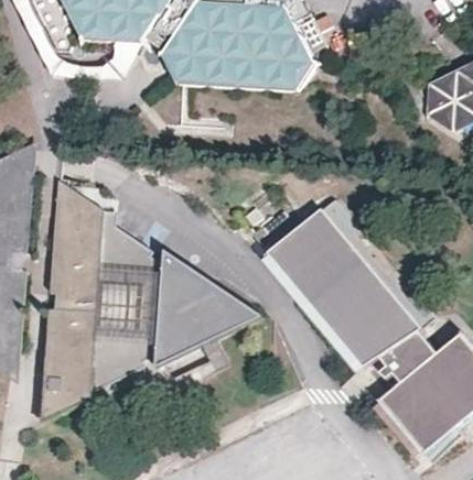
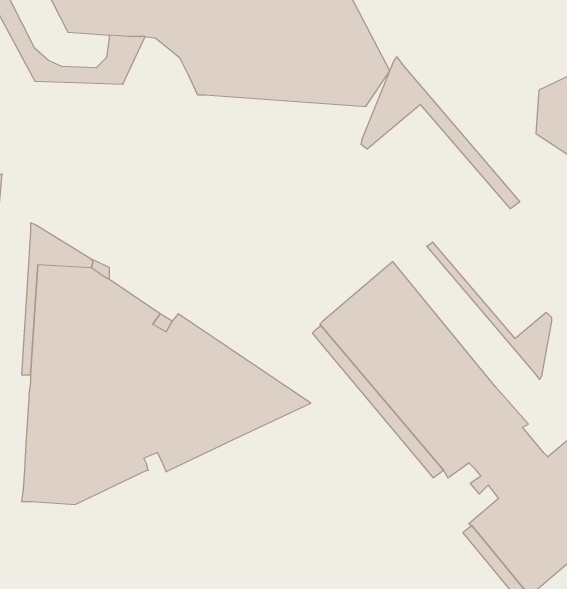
building: none -> [361,57,520,209]
building: none -> [427,242,552,379]
building: [40,308,87,418] -> none

